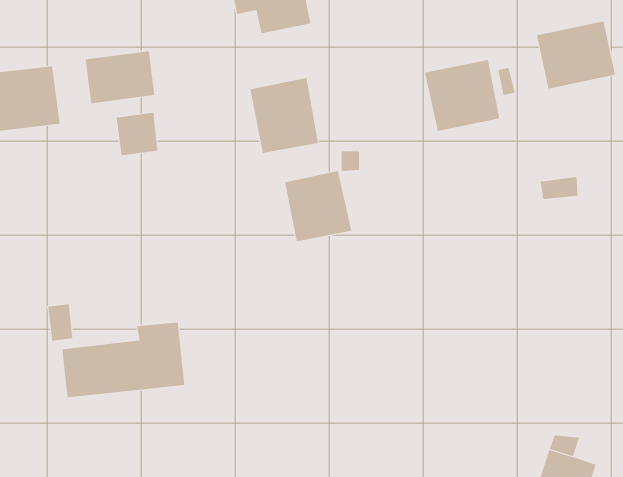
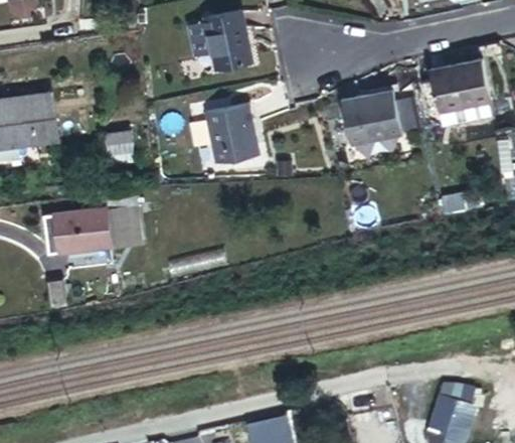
building: [85,50,155,104] -> none
building: [284,170,352,242] -> none
building: [62,322,185,398] -> [44,194,141,254]

